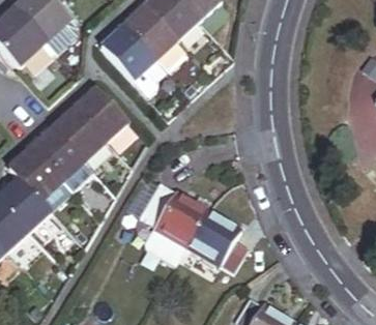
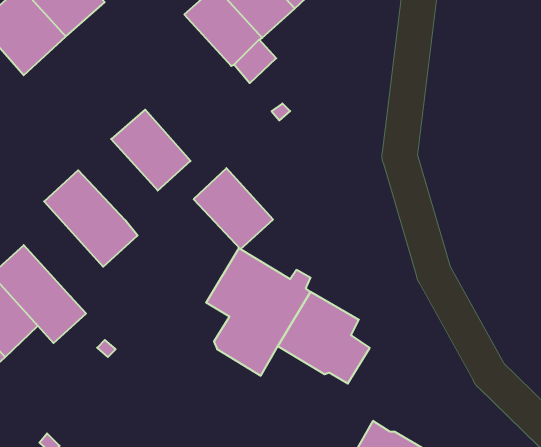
building: [103,25,155,80] -> none
building: [54,108,107,161] -> [194,168,273,249]
building: [9,149,70,212] -> none

